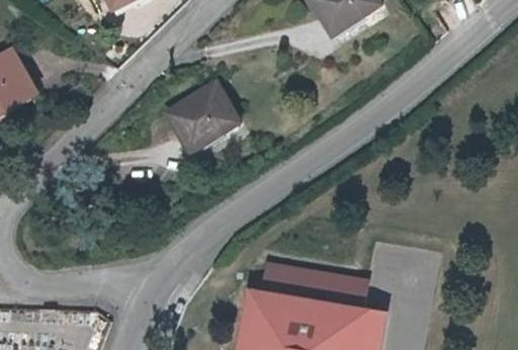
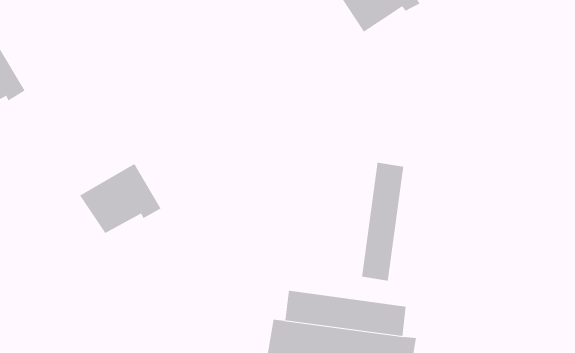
building: [158,94,230,156] -> [79,163,162,234]
building: none -> [361,162,404,281]

